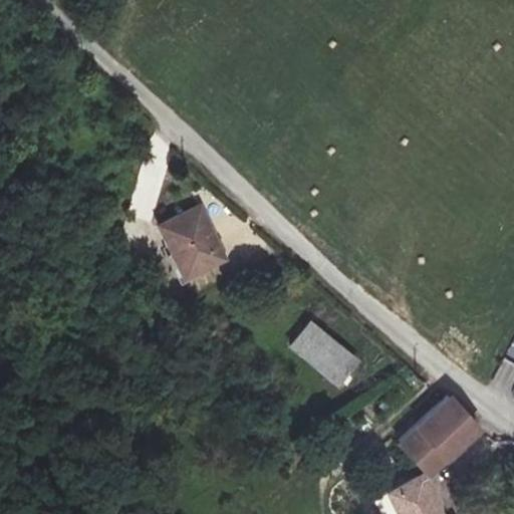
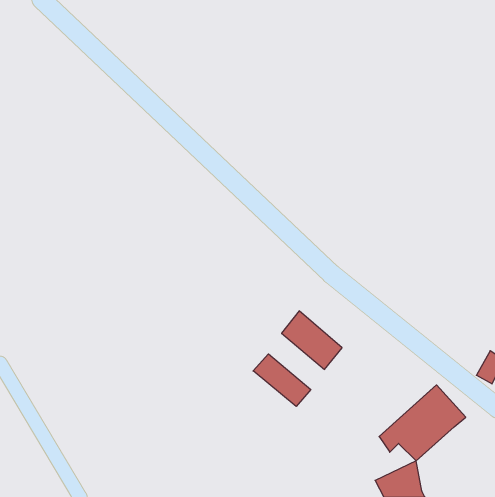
building: [160,211,229,280] -> none
building: none -> [253,354,311,406]

